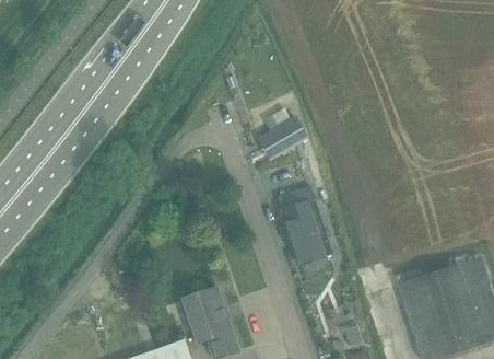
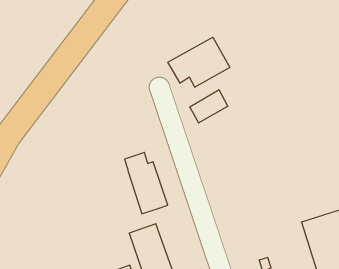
building: none -> [168,37,230,87]
building: [278,187,332,265] -> [125,152,168,214]

